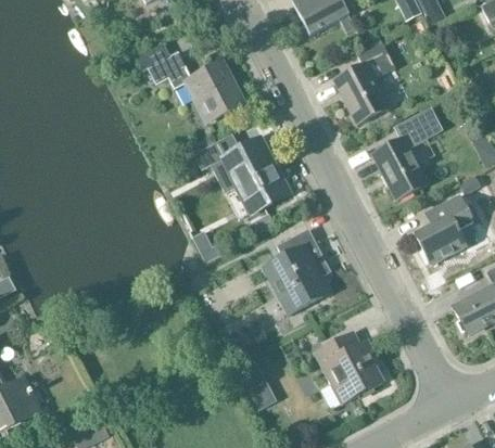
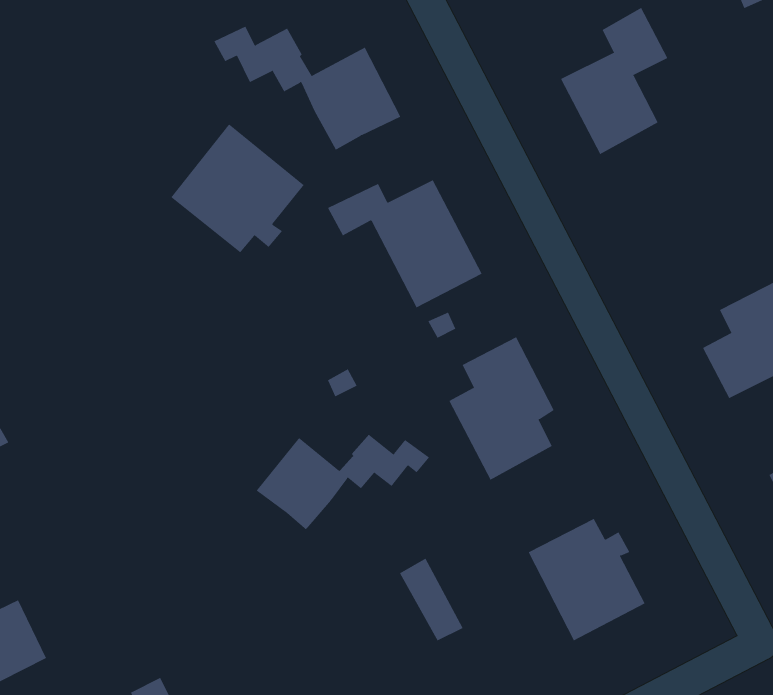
building: none -> [170,124,304,253]
building: [372,108,440,200] -> none
building: none -> [256,434,430,531]

